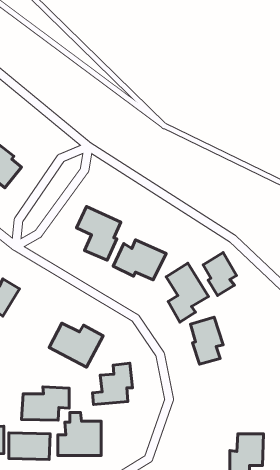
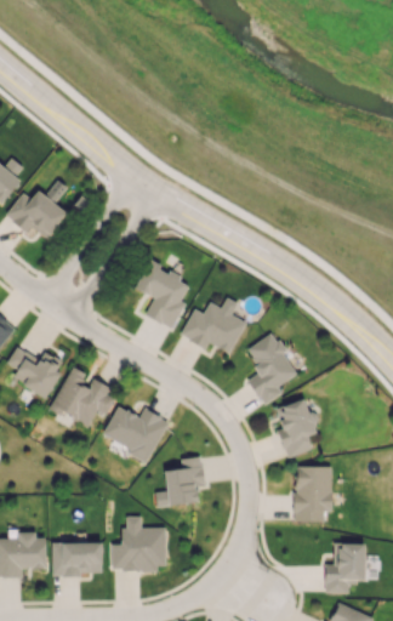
building: [203,253,237,296] -> none
building: none -> [51,366,118,427]
building: none -> [295,466,332,522]
building: [22,387,69,420] -> none

